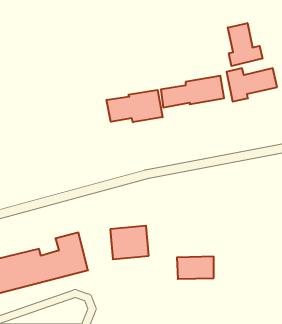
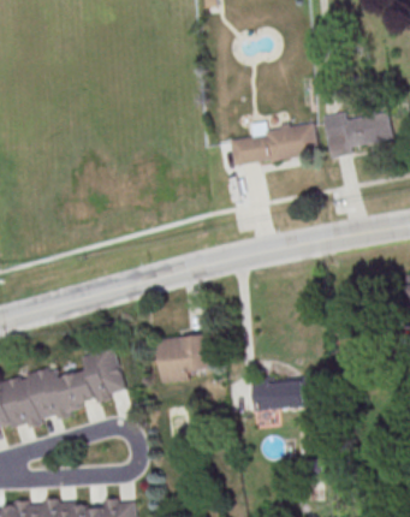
building: [228,23,262,66] -> none
building: [107,90,163,122] -> none

